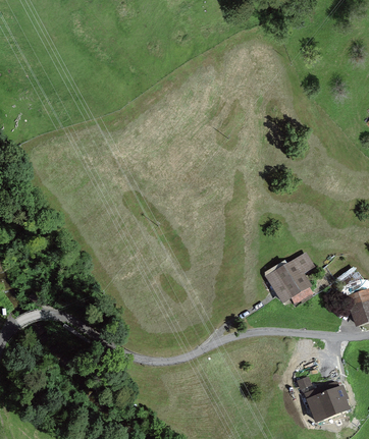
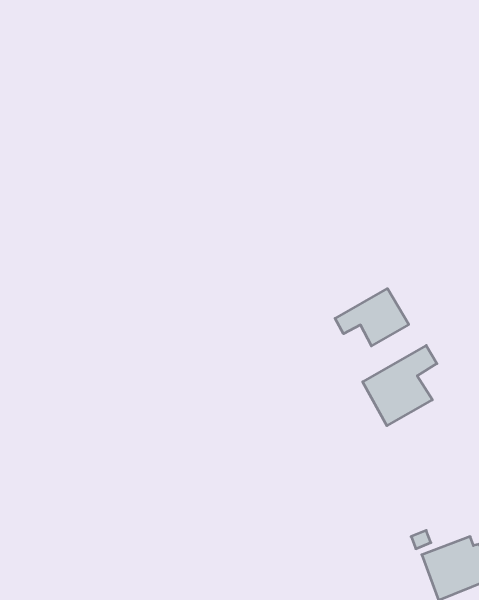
building: none -> [335,289,409,346]

